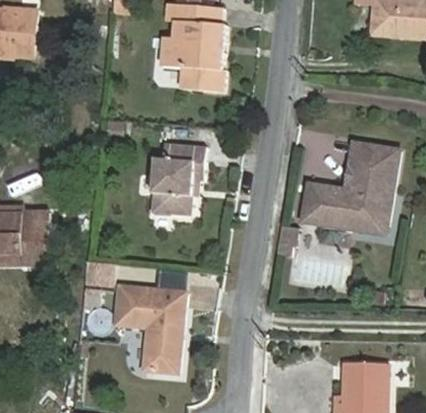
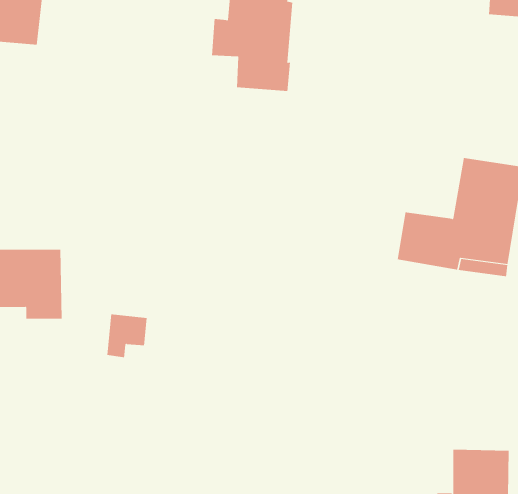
building: [151,143,206,216] -> none
building: [115,287,185,374] -> none

